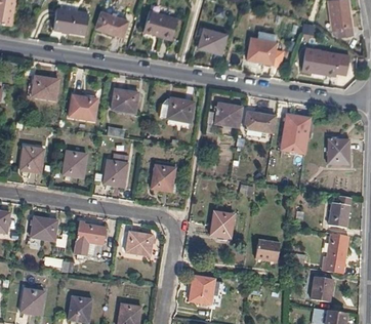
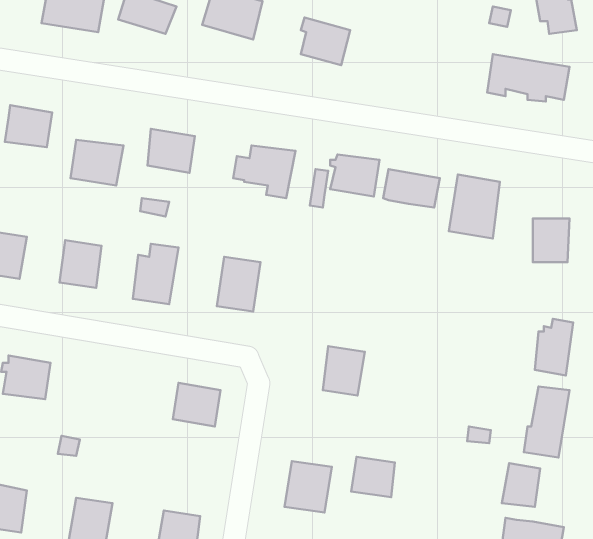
building: [247,37,276,64] -> none
building: [74,224,106,258] -> none
building: [255,239,280,261] -> [351,457,395,497]

